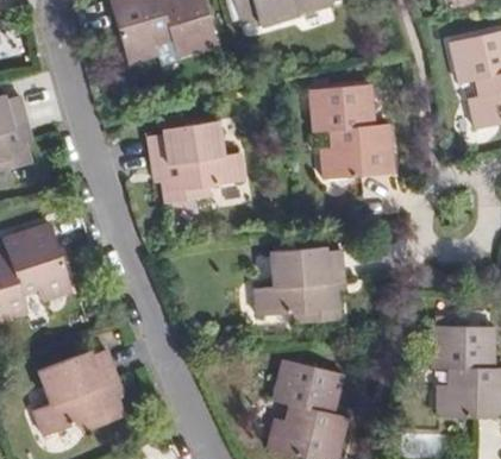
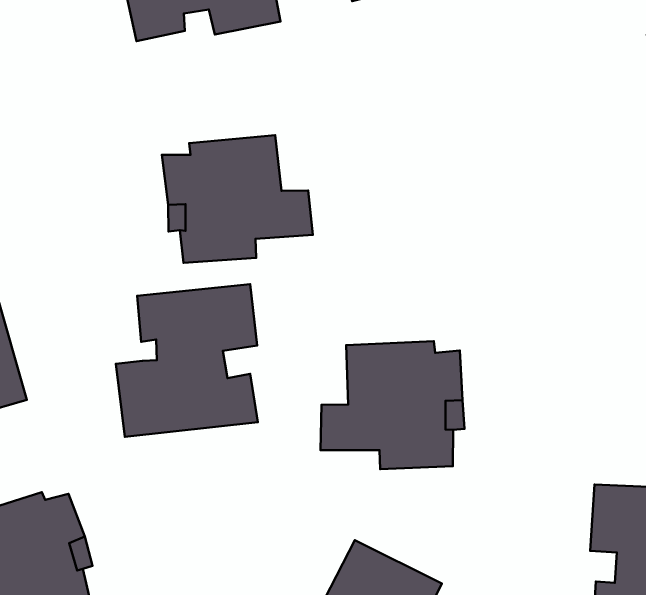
building: [307,83,390,182] -> none
building: none -> [116,284,258,437]

